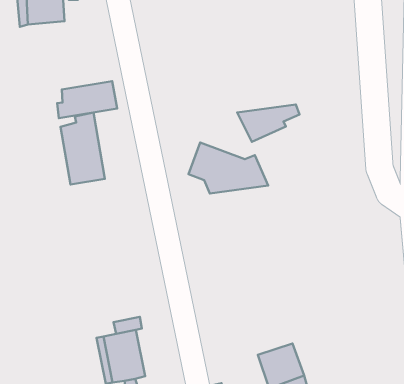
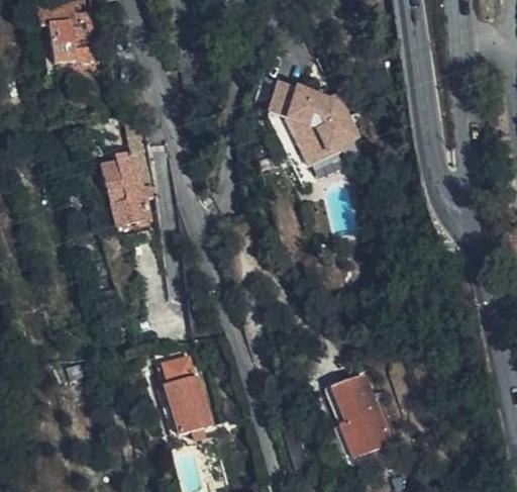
building: [57,81,117,118] -> none
building: [188,142,268,193] -> [262,83,346,135]

